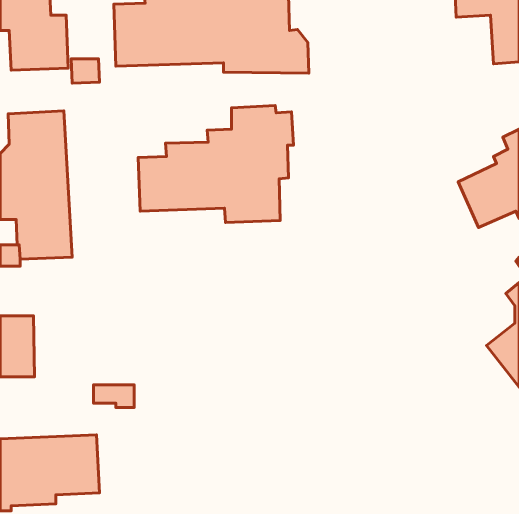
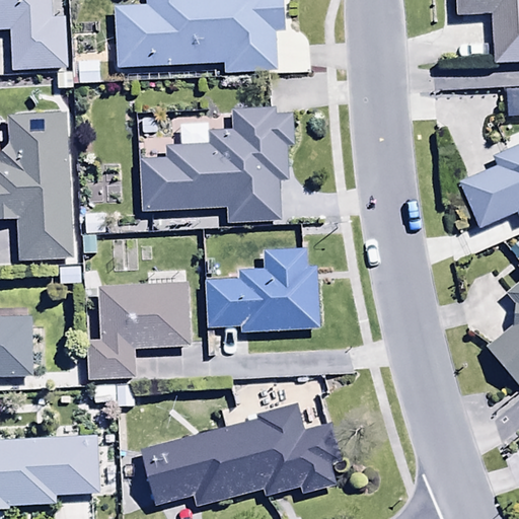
building: none -> [205,248,319,332]
building: none -> [86,282,190,380]
building: none -> [141,403,340,507]

